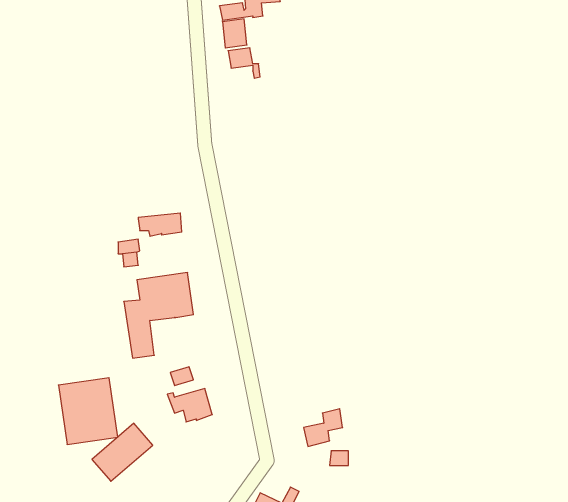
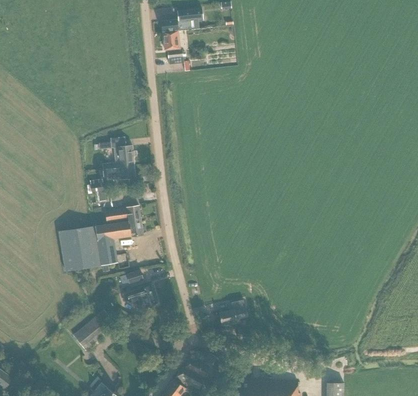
building: none -> [102,146,134,169]
building: [58,378,118,444] -> [59,226,100,272]

